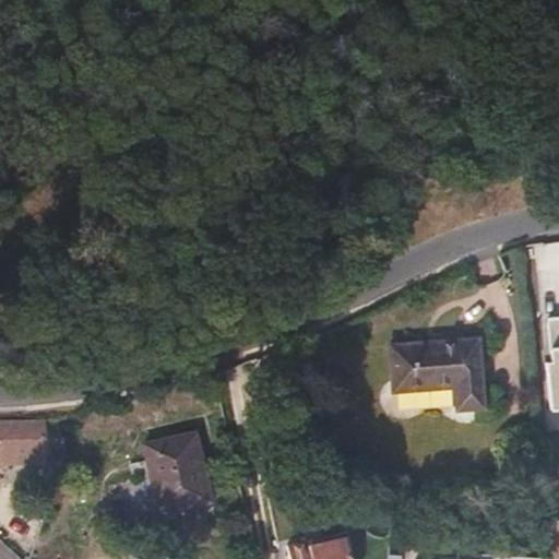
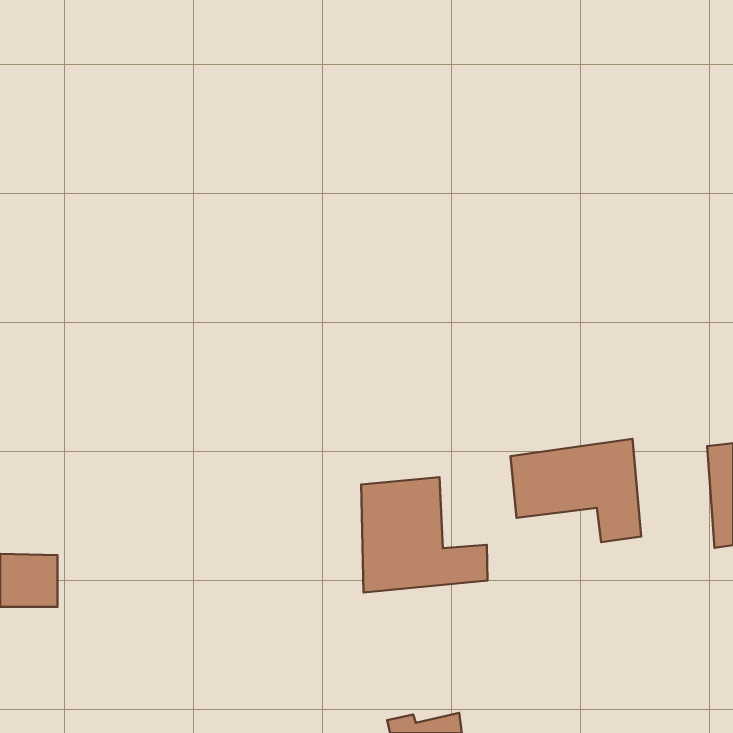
building: none -> [361,477,488,592]
building: [141,432,212,514] -> none

